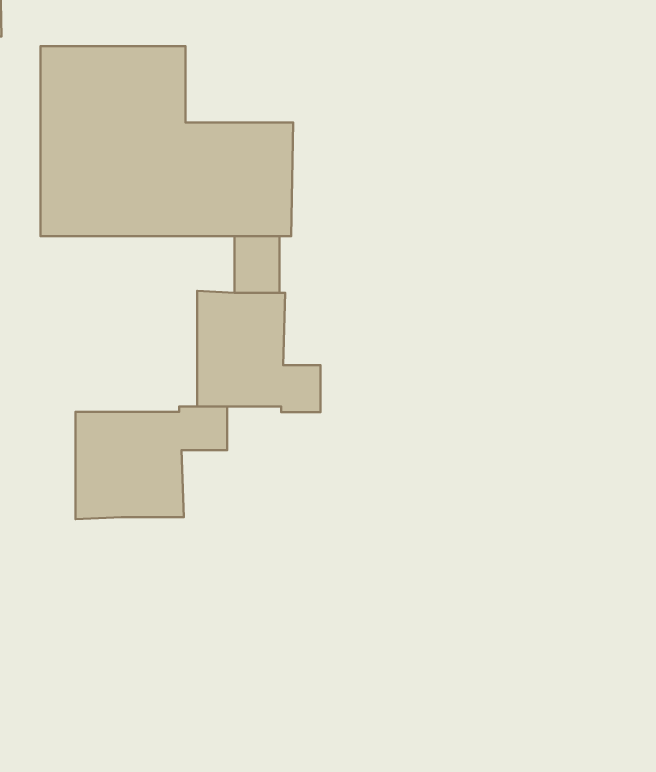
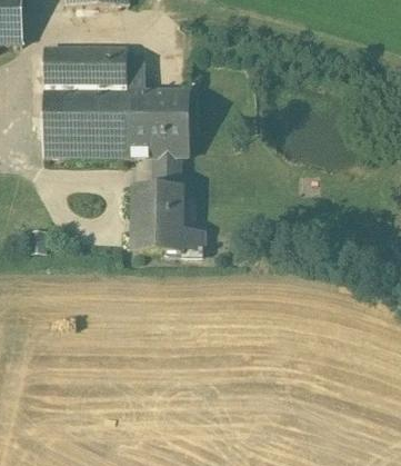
building: [76,406,227,519] -> none

